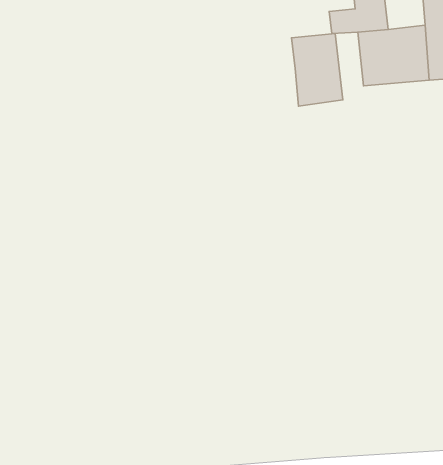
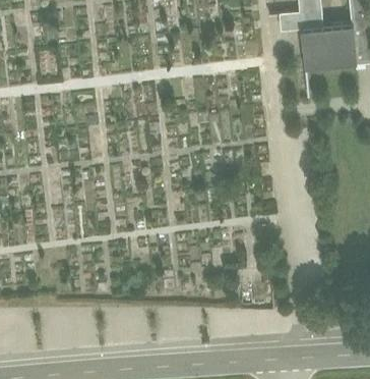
building: [292,33,343,106] -> none

